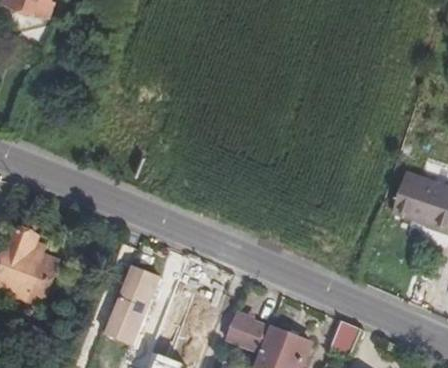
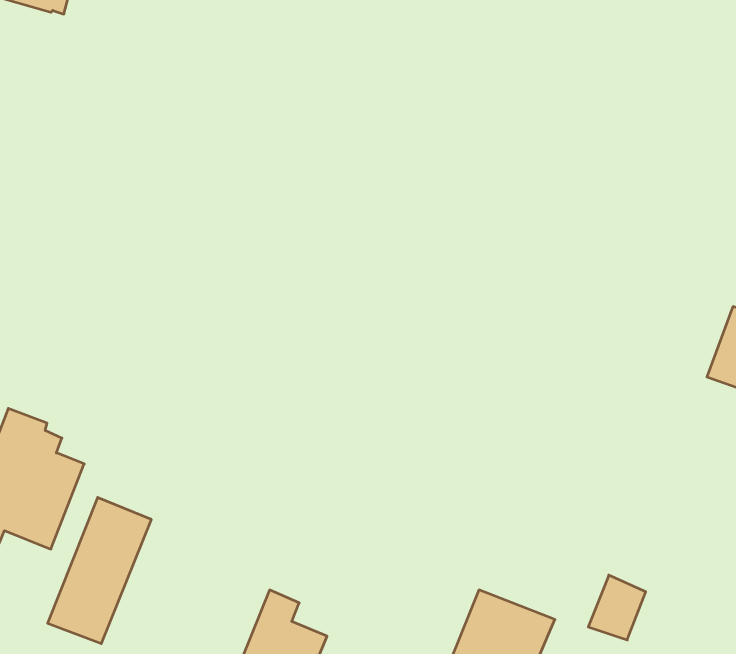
building: [104,265,160,344] -> [48,497,151,644]
building: [226,311,265,351] -> none

